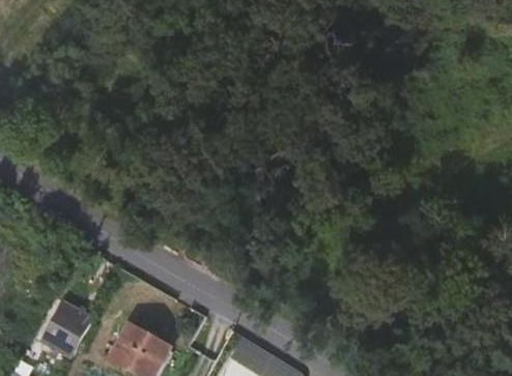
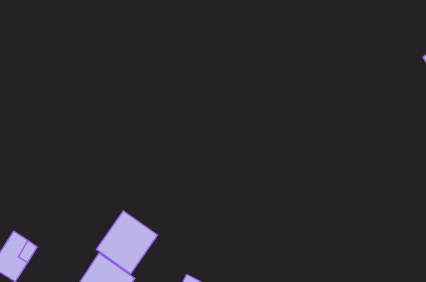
building: none -> [96,211,157,274]

